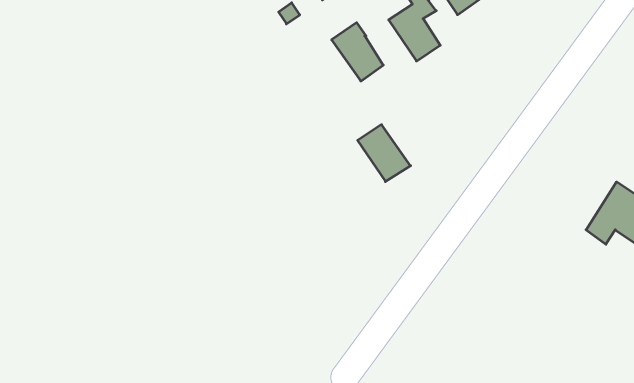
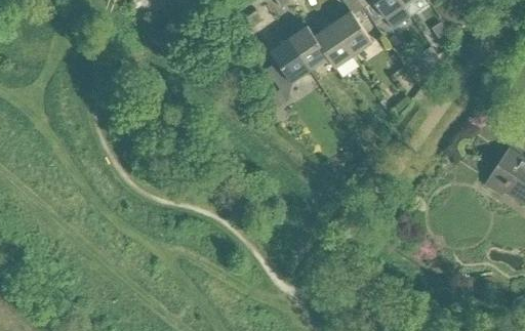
building: none -> [314,24,354,69]
building: [358,125,411,182] -> [270,39,311,83]

